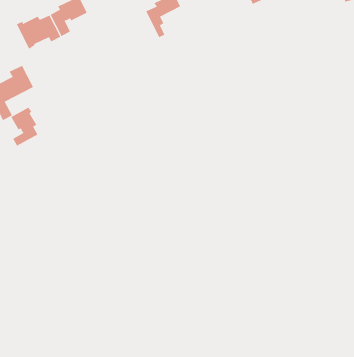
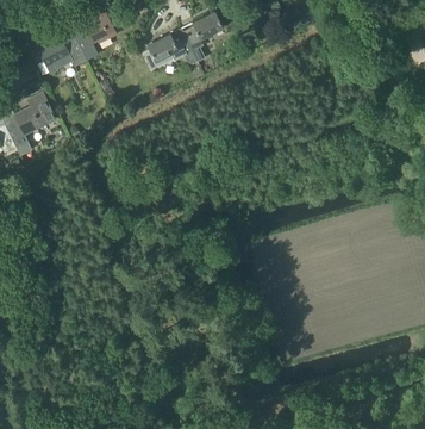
building: none -> [144,27,199,70]
building: [11,107,38,146] -> none

